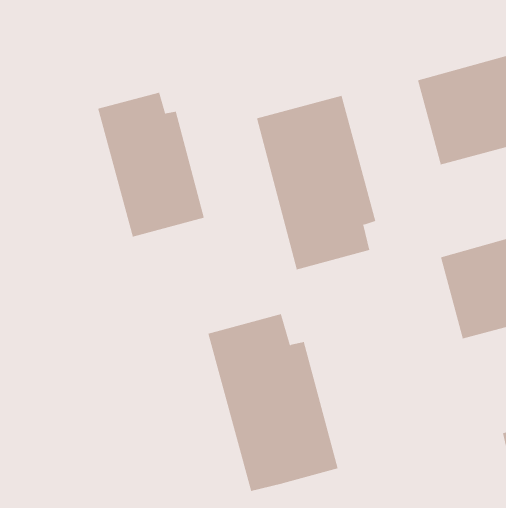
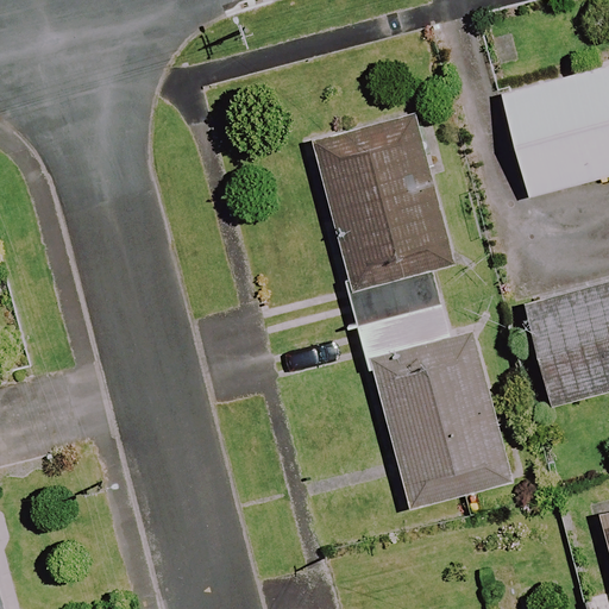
building: [97,92,204,237] -> none
building: [207,314,338,492] -> [358,297,514,509]

